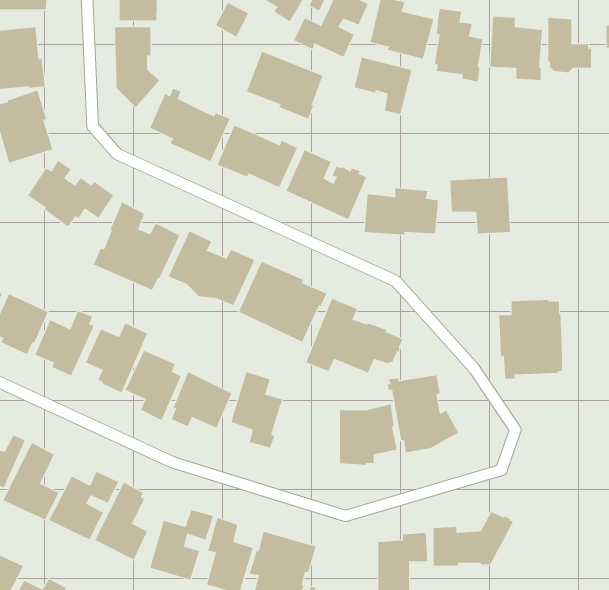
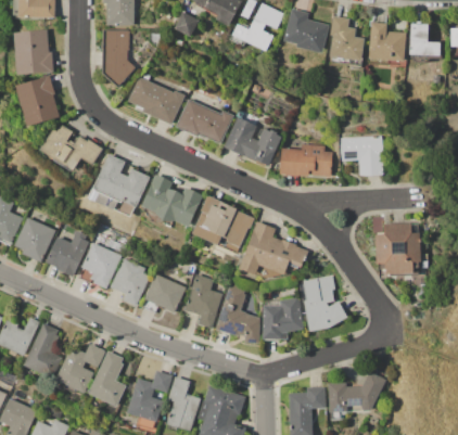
building: [246,51,323,119] -> none
building: [354,57,412,115] -> none
building: none -> [214,280,258,344]

